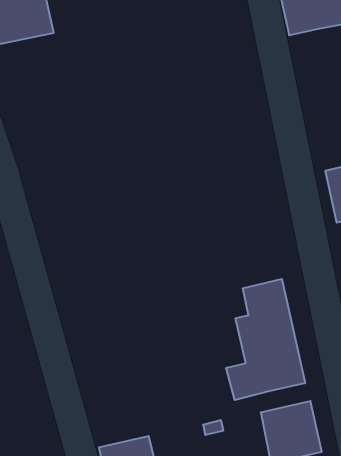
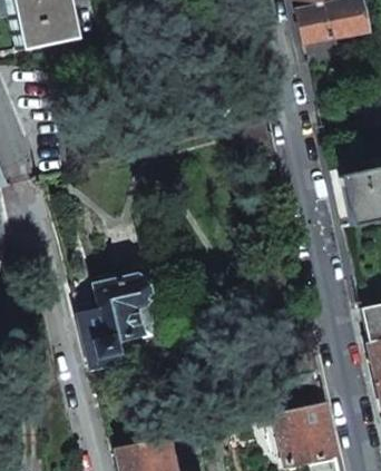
building: none -> [79,276,155,367]
building: [226,279,305,400] -> none

